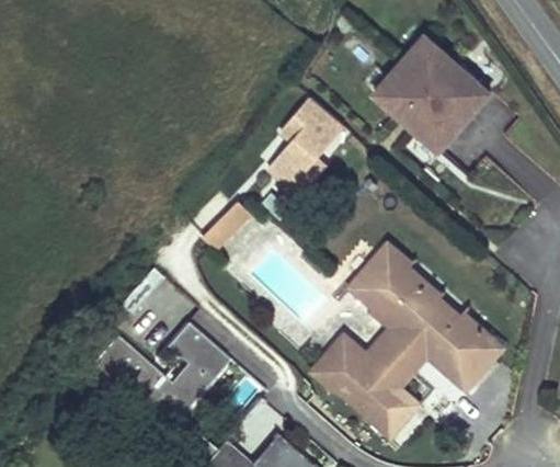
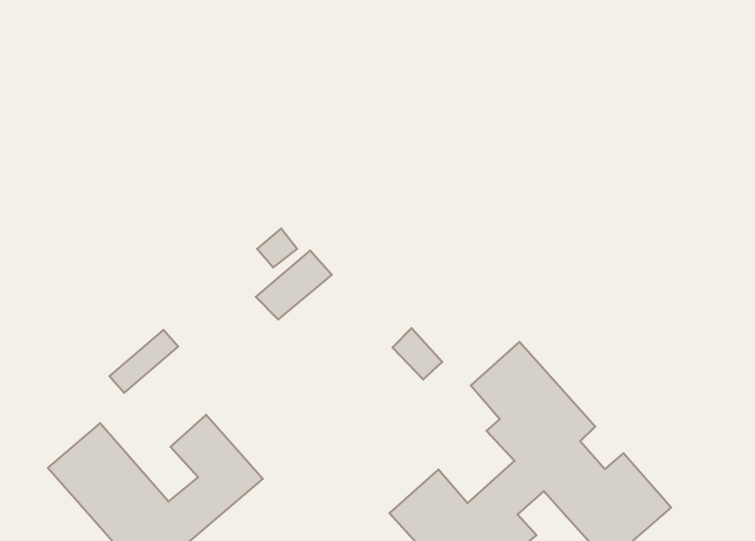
building: [377,38,493,153] -> none
building: [272,96,348,192] -> none

